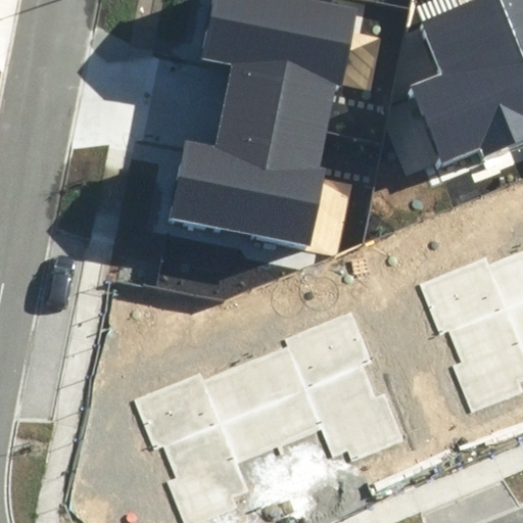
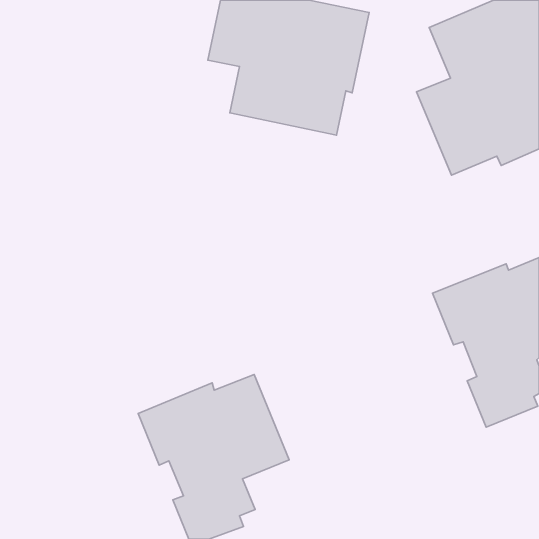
building: [168,109,326,249] -> none
building: [246,312,406,463] -> none

